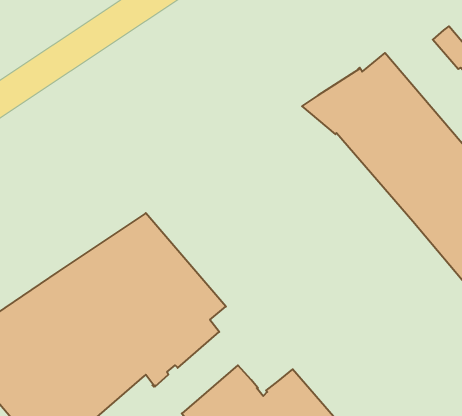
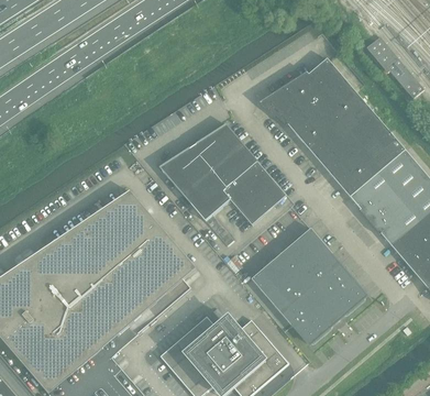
building: none -> [159,124,286,224]
building: none -> [251,228,364,341]

